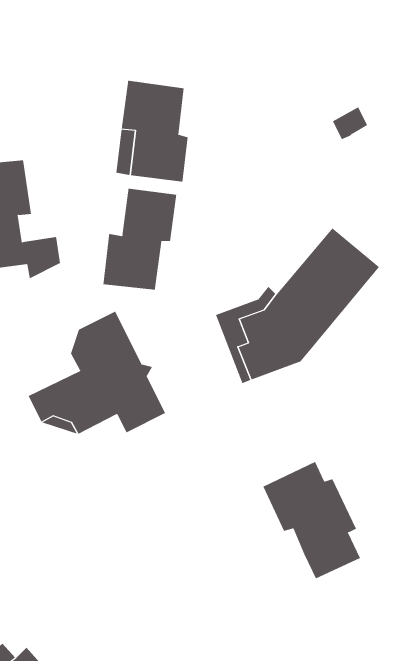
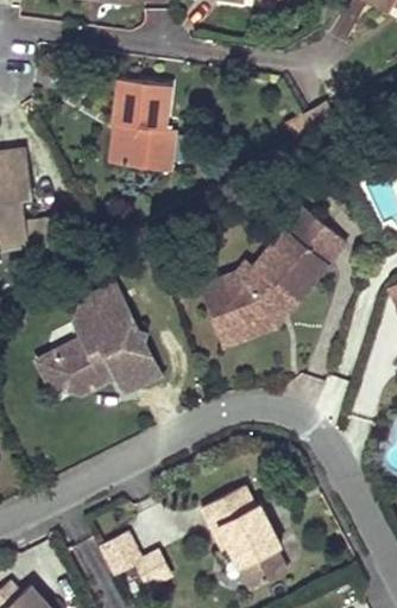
building: [103,188,177,291] -> none
building: [262,461,361,579] -> [202,482,290,588]
building: none -> [102,530,174,584]

